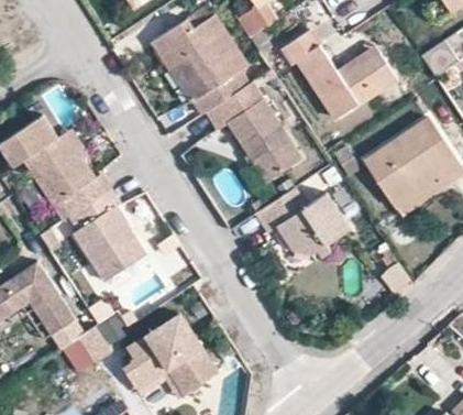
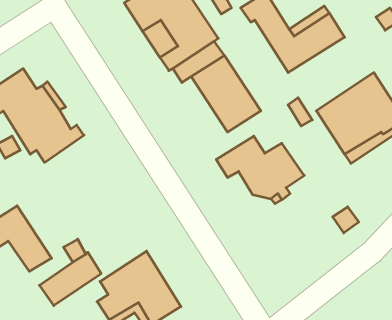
building: [68,186,146,282] -> none

